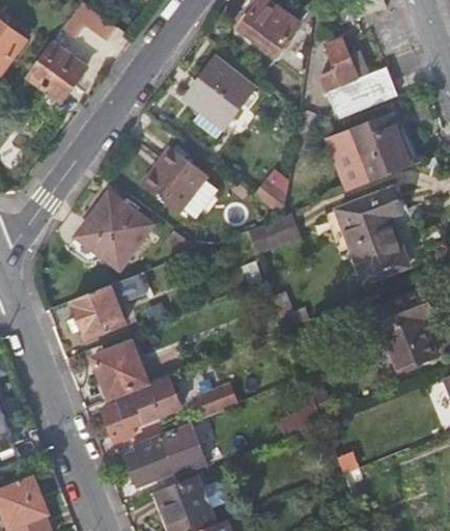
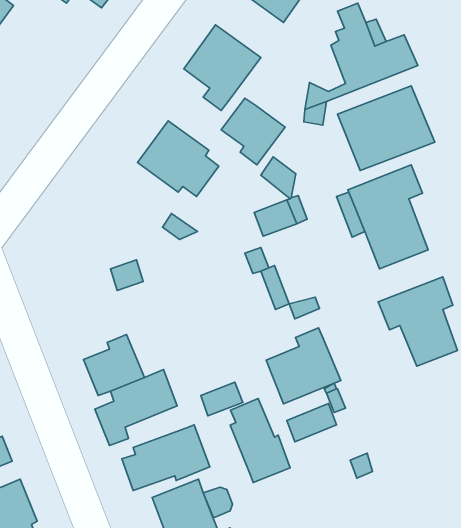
building: [26,43,86,102] -> none
building: none -> [221,98,285,165]
building: [74,191,153,270] -> none
building: [71,284,124,338] -> none
building: none -> [266,328,341,404]
building: none -> [230,399,290,482]

